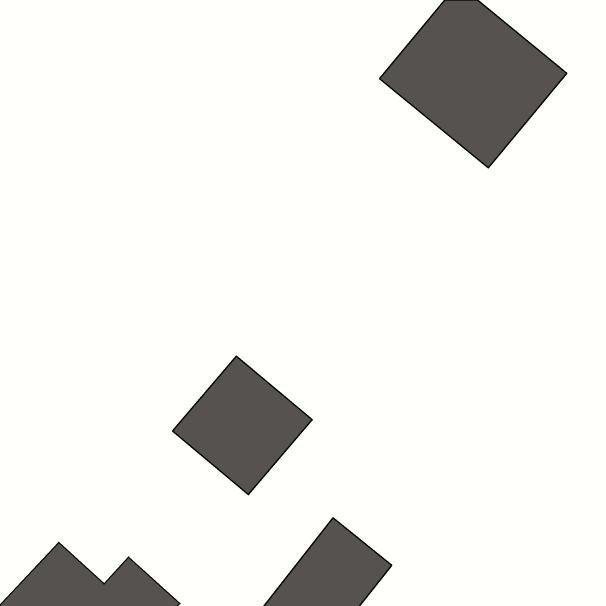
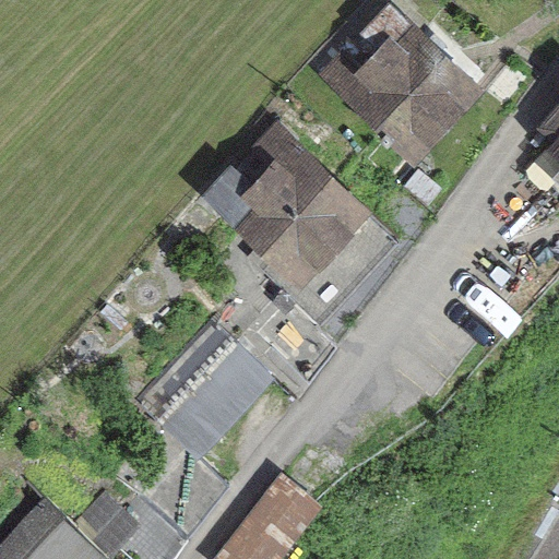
building: none -> [226,134,404,306]

